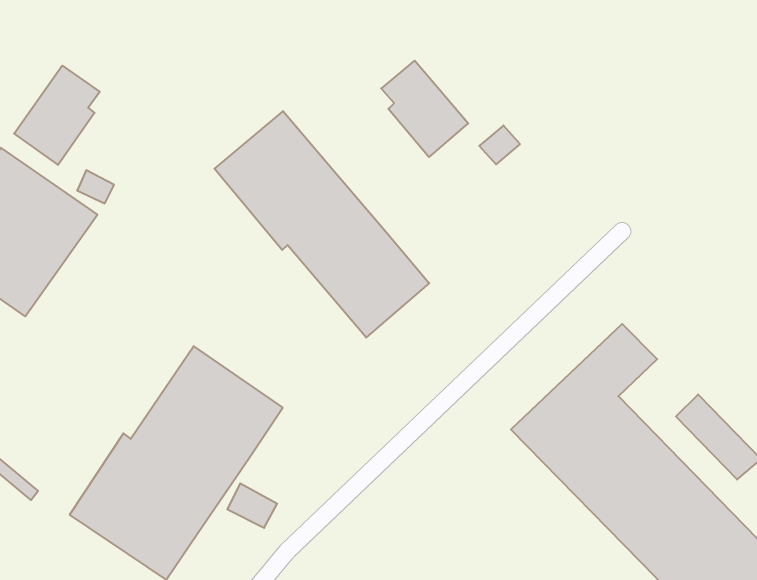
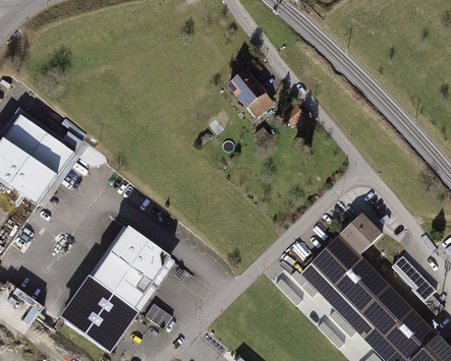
building: [14,66,100,165] -> none
building: [214,111,429,338] -> none

